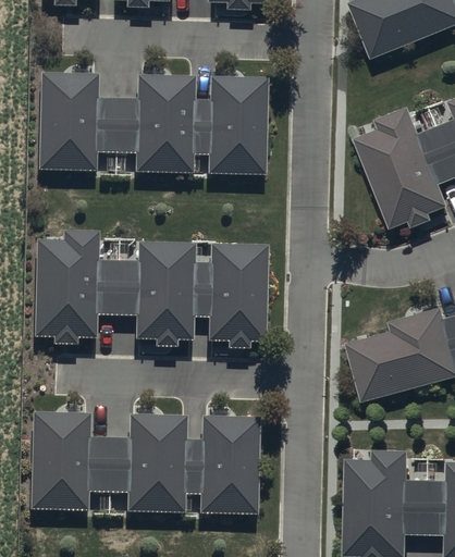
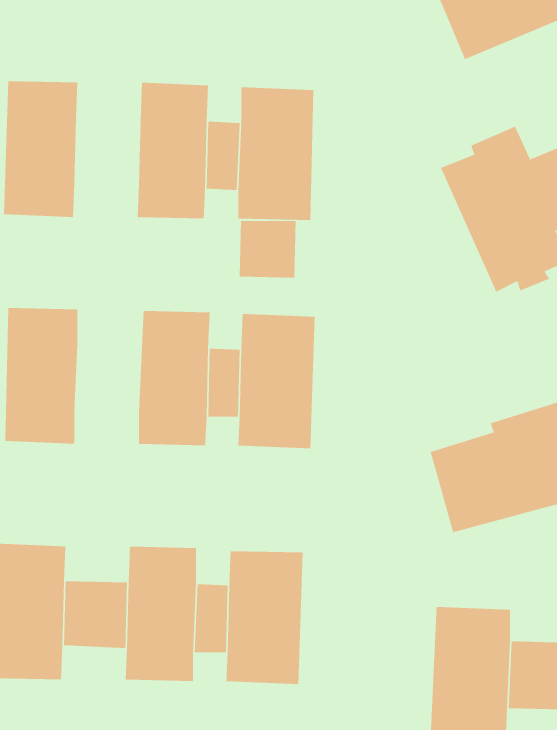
building: [90,102,137,150] -> none
building: none -> [239,220,296,278]
building: [90,267,138,315] -> none

